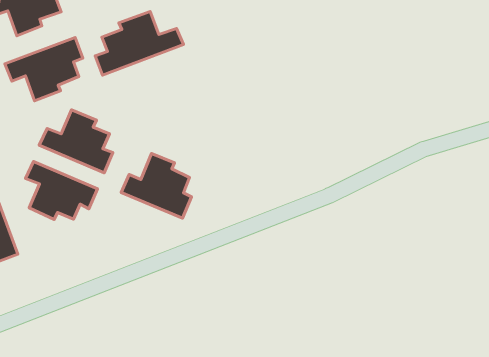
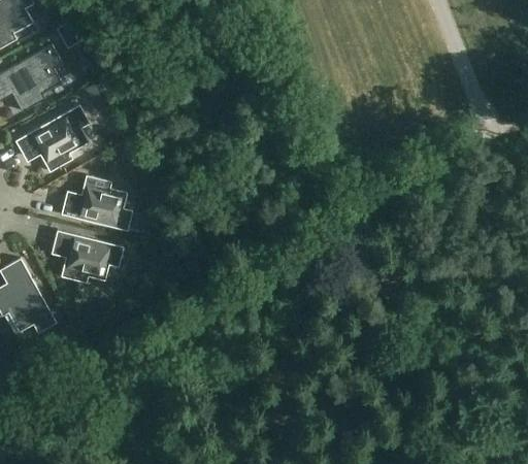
building: [95,11,184,75] -> none
building: [121,153,191,218] -> none

